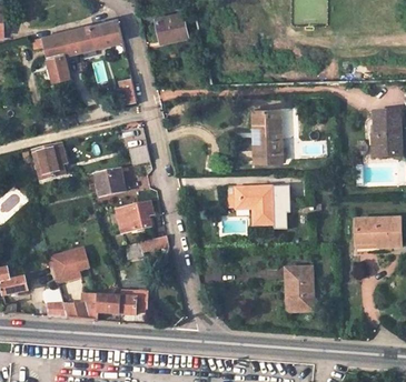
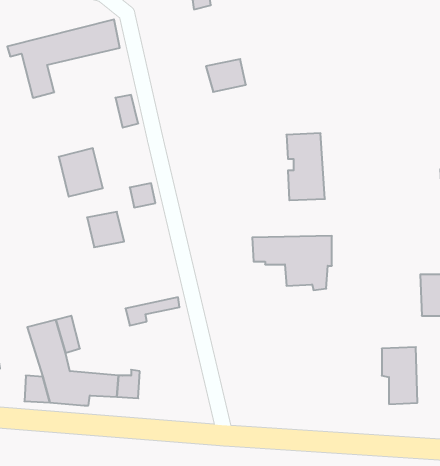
building: [156,14,187,40] -> [206,59,246,92]
building: [33,142,68,180] -> [59,148,103,197]
building: [115,200,152,232] -> none
building: [284,263,311,308] -> [382,347,417,404]

